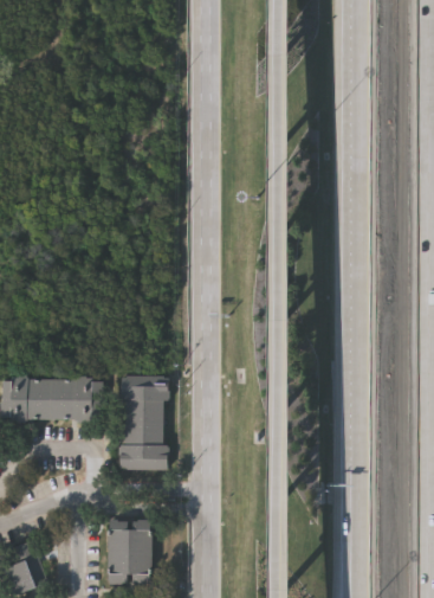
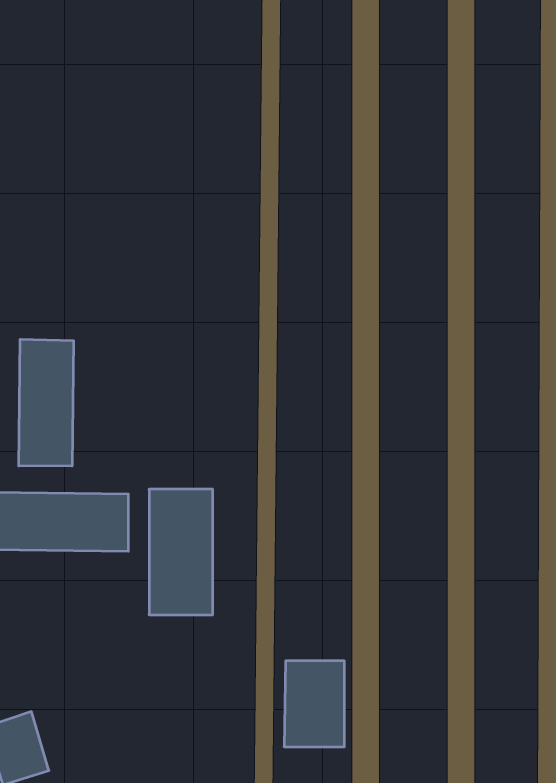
building: none -> [19,339,73,466]
building: [106,520,151,584] -> [284,661,344,747]

